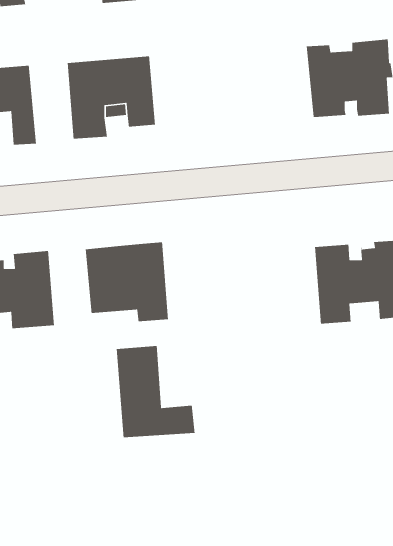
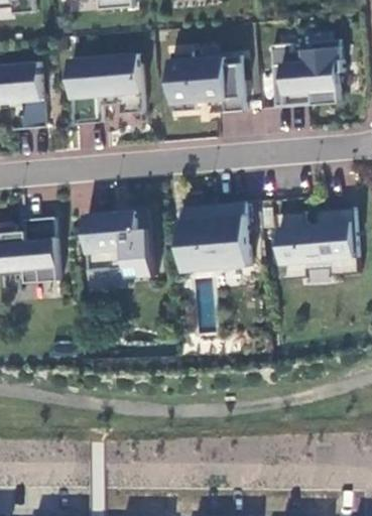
building: none -> [169,50,244,111]
building: none -> [179,201,250,271]
building: [116,345,195,438] -> none

